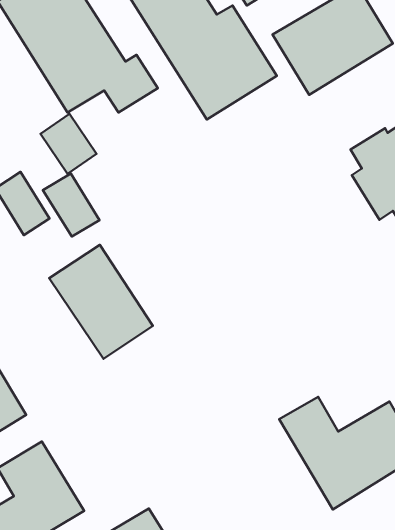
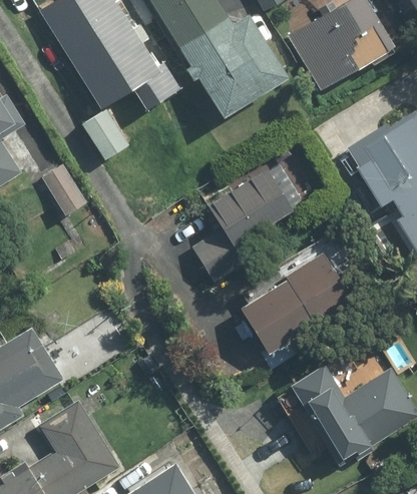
building: [43,174,100,237] -> none
building: none -> [191,165,296,283]
building: [49,245,153,359] -> none
building: none -> [243,253,353,351]

